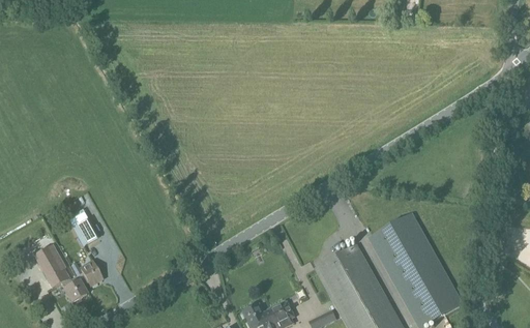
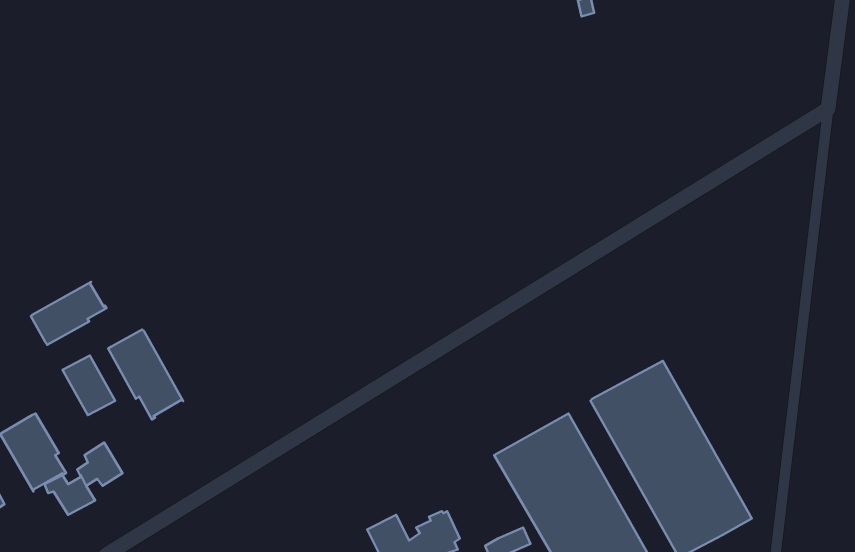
building: none -> [31,282,107,345]
building: none -> [108,330,183,420]

